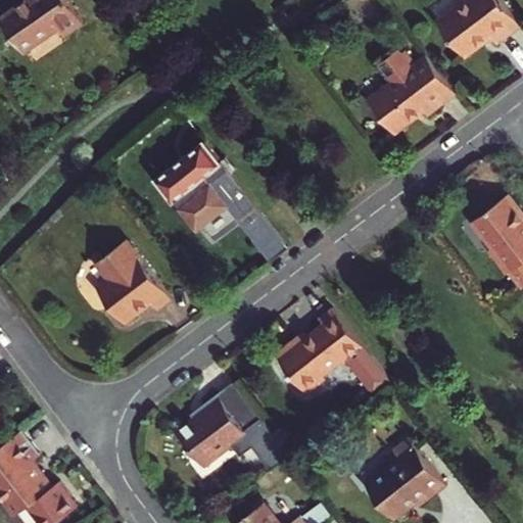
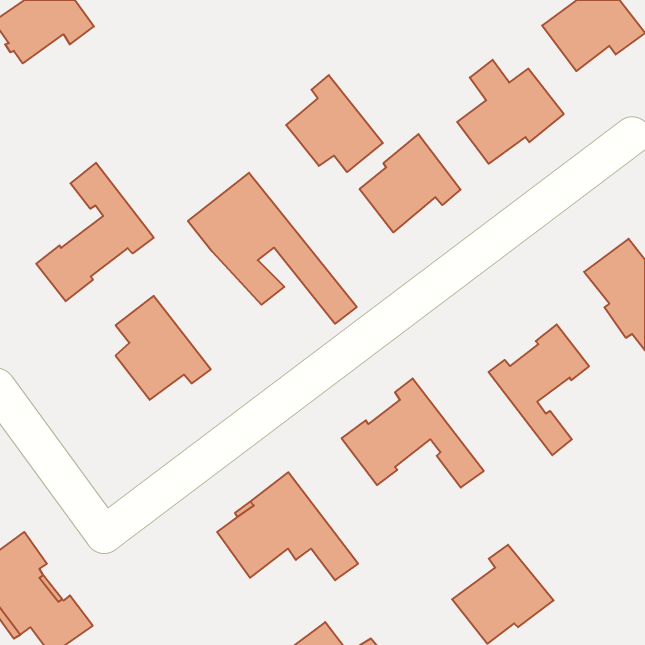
building: none -> [286,75,383,172]
building: none -> [360,134,461,232]
building: none -> [36,163,154,301]
building: none -> [489,324,589,455]

